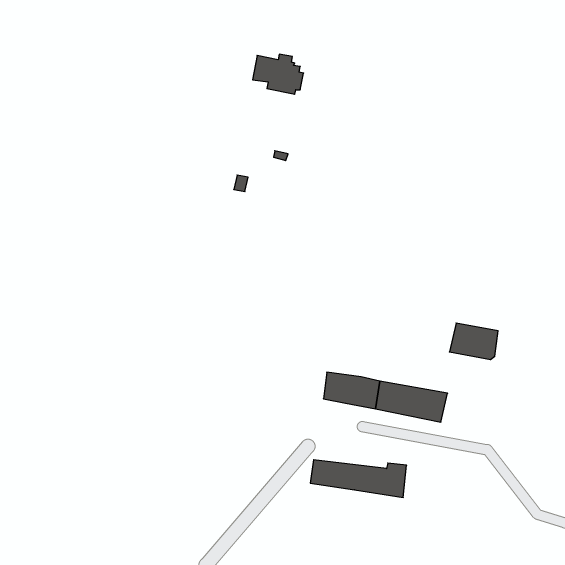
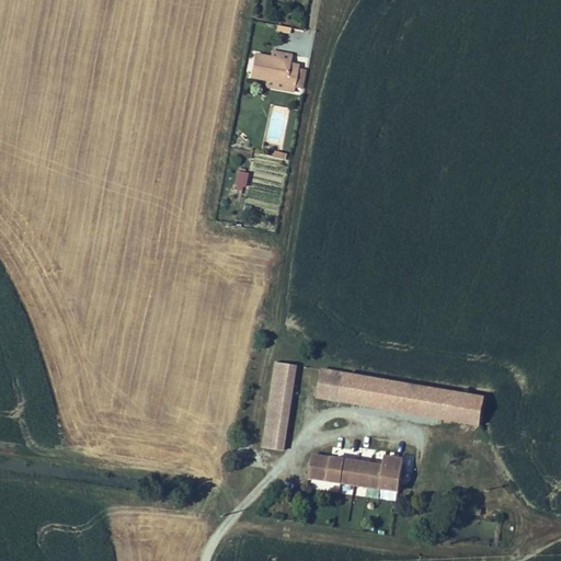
building: [449,323,498,360] -> [436,389,484,425]
building: none -> [262,362,296,449]

